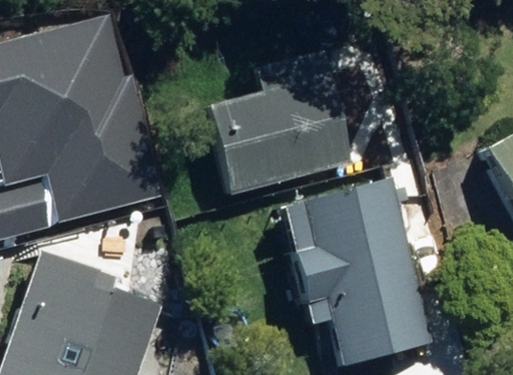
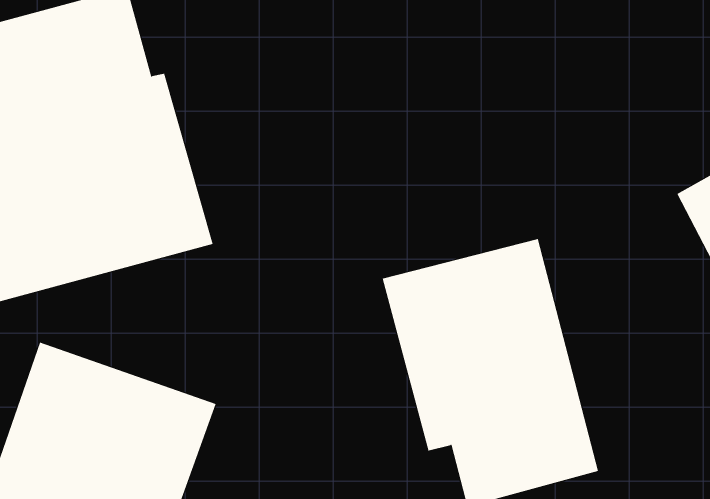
building: [207,52,352,197] -> none

